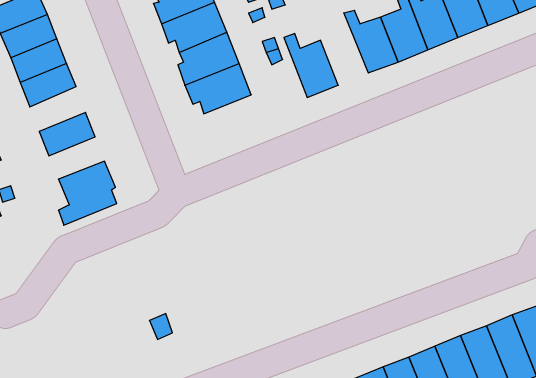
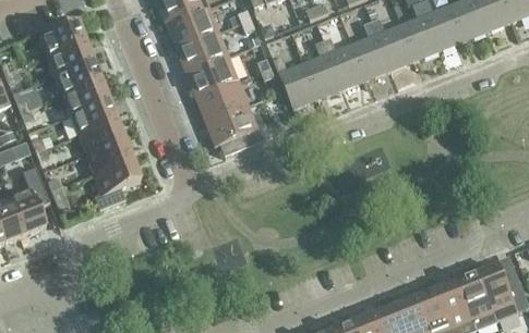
building: none -> [304,39,342,97]
building: none -> [71,98,116,134]
building: none -> [209,104,281,156]
building: none -> [86,138,131,172]

